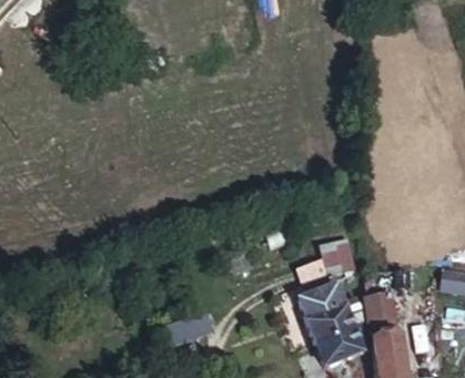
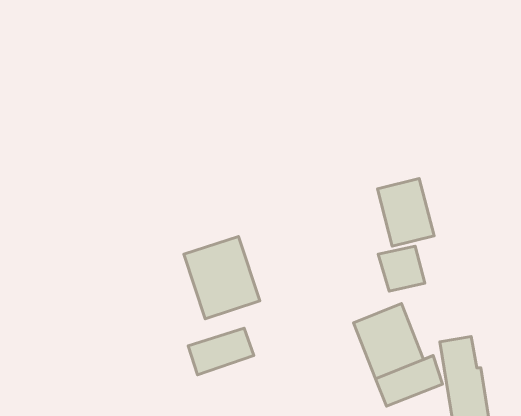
building: none -> [377,178,434,246]
building: none -> [184,237,260,319]

